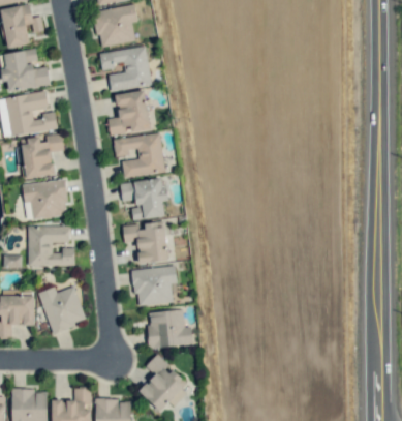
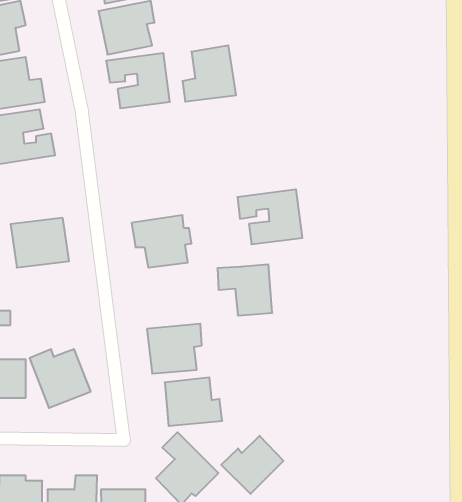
building: [107,90,151,136] -> [182,45,236,102]
building: [113,133,165,178] -> [237,189,302,244]
building: [21,134,63,178] -> none
building: [123,222,167,264] -> [217,264,272,315]
building: [28,225,75,267] -> none
building: none -> [221,436,283,494]

